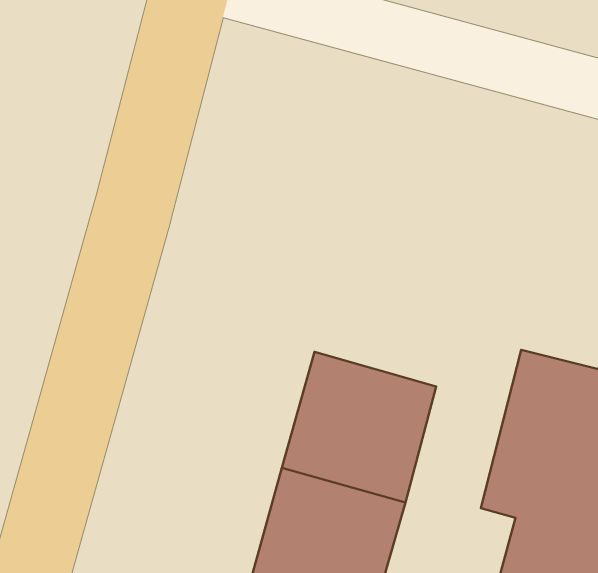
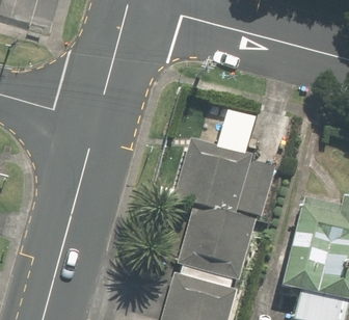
building: none -> [170,139,272,218]

